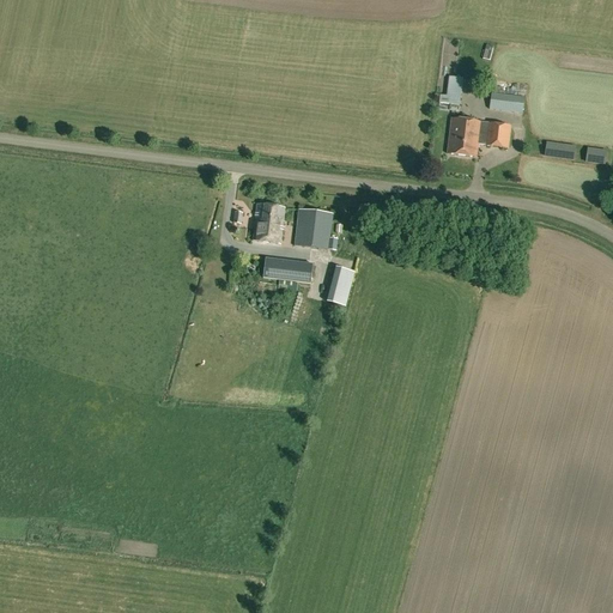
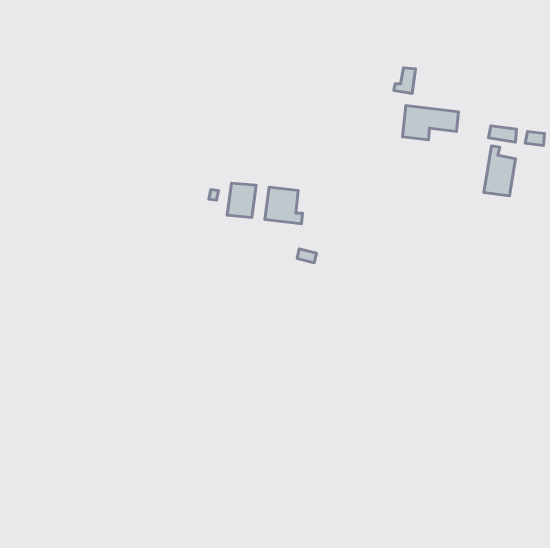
building: [488,91,524,111] -> none
building: none -> [484,146,516,196]
building: [262,257,312,283] -> none

